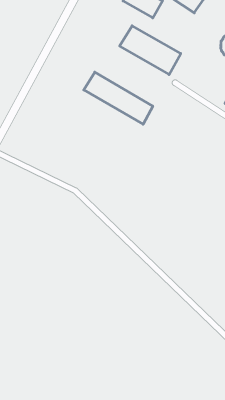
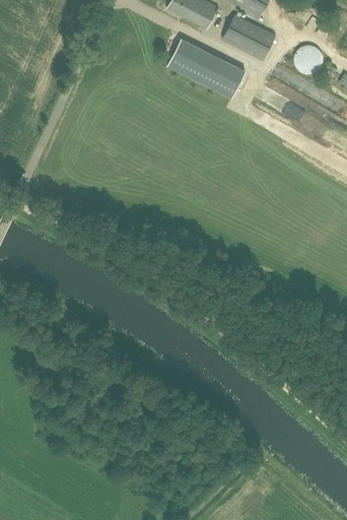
building: none -> [222,14,275,59]
building: [84,72,153,124] -> none

